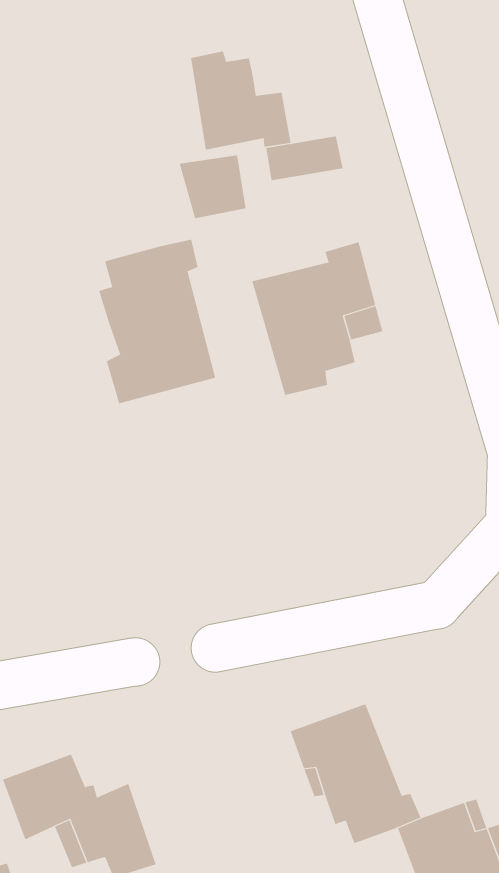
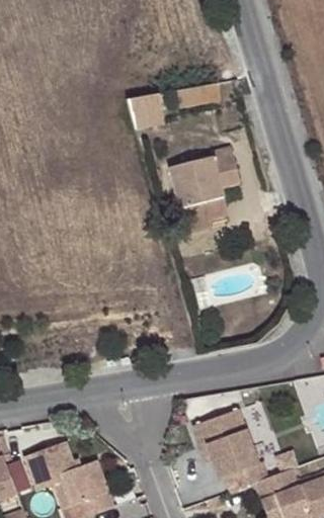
building: [190,51,291,150] -> none
building: [99,239,216,404] -> none

